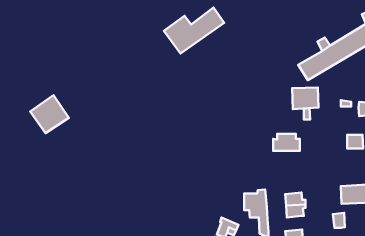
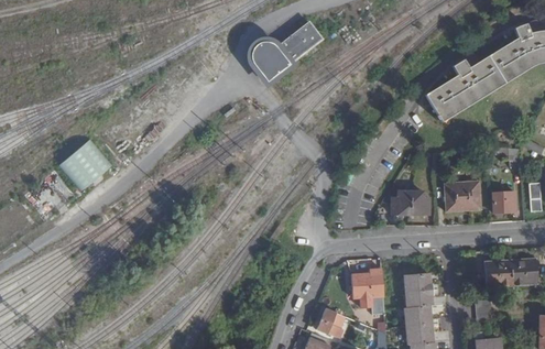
building: [292,87,319,109] -> [445,183,481,212]
building: none -> [407,304,432,325]

